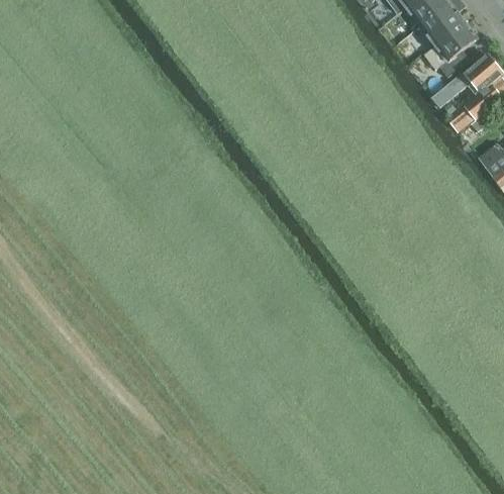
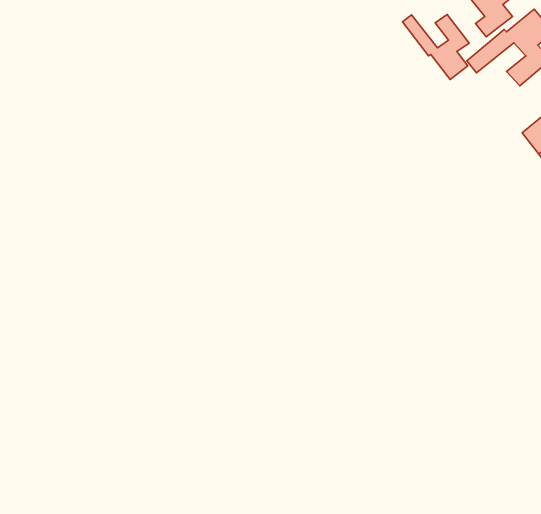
building: none -> [402,15,469,79]

